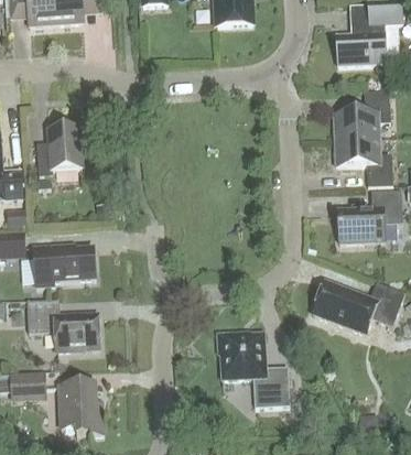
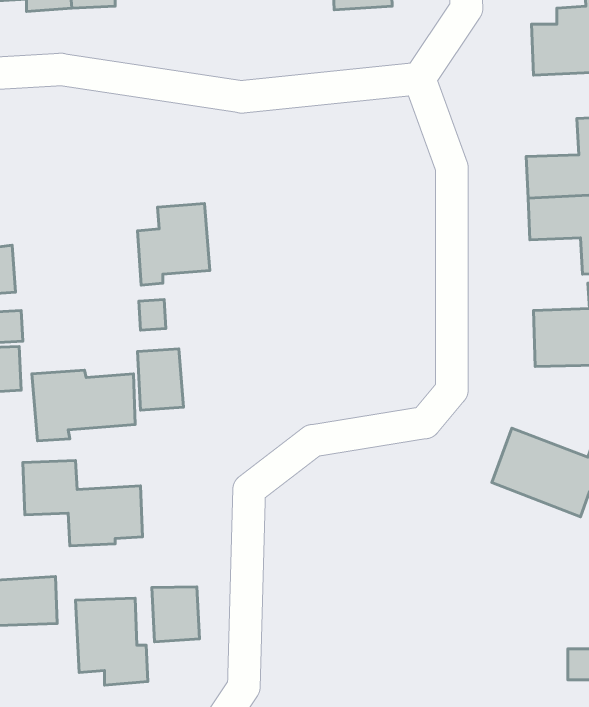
building: [36,127,80,176] -> [138,204,210,285]
building: none -> [138,349,183,410]
building: [217,332,290,408] -> none
building: none -> [152,587,199,642]

